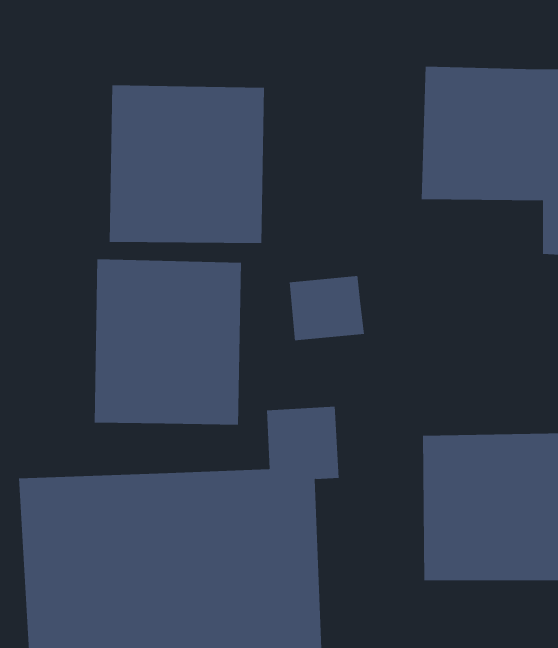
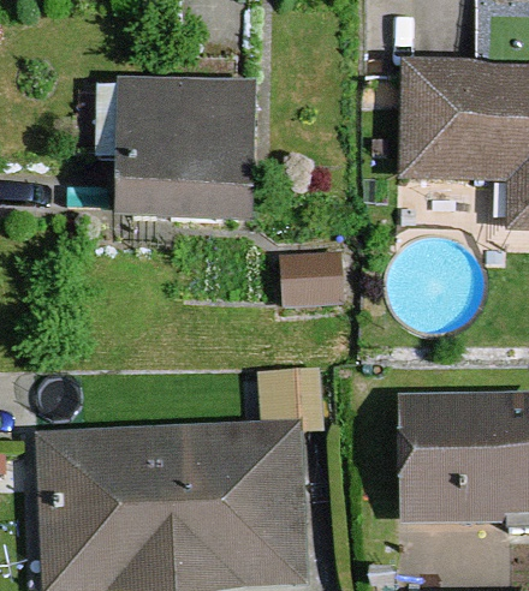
building: [94,258,241,425] -> none

